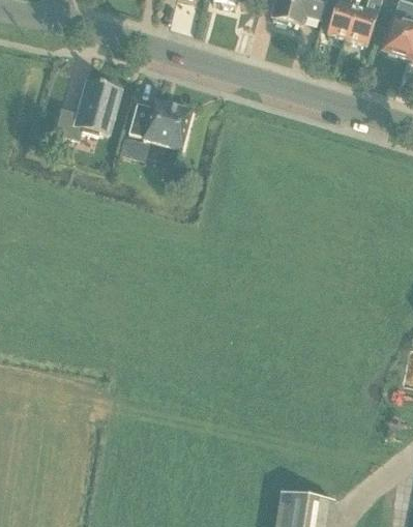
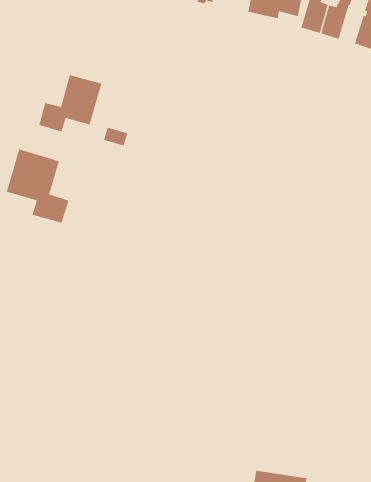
building: [127,99,190,149] -> none
building: none -> [6,149,69,224]

